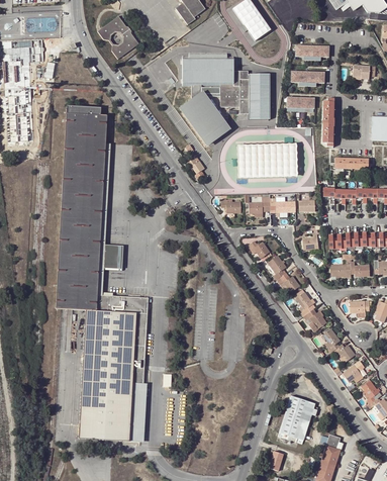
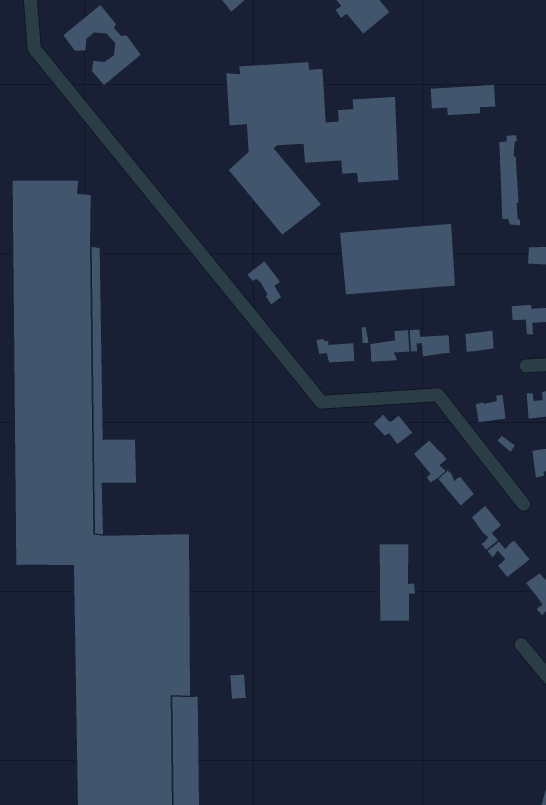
building: [294,44,328,60] -> none
building: [285,97,313,111] -> none
building: none -> [379,543,416,621]
building: [278,395,314,442] -> none

